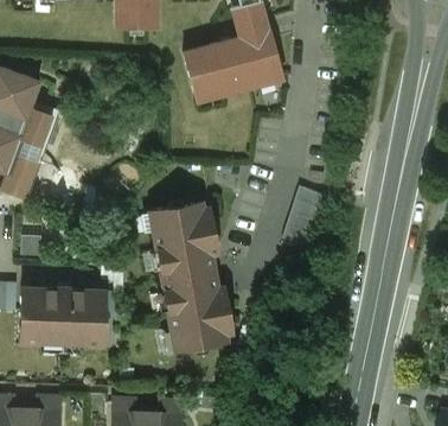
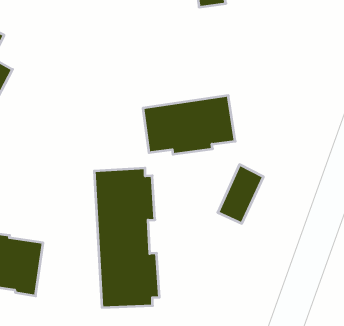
building: [183,28,282,97] -> [143,96,235,154]

